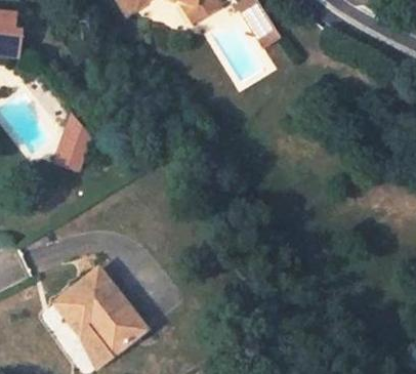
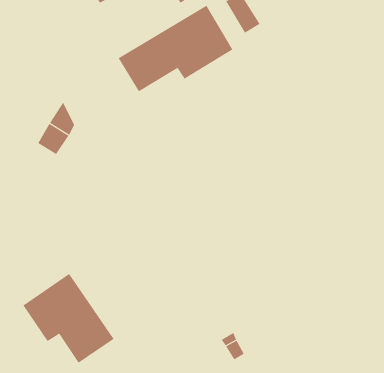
building: none -> [118,5,233,92]

